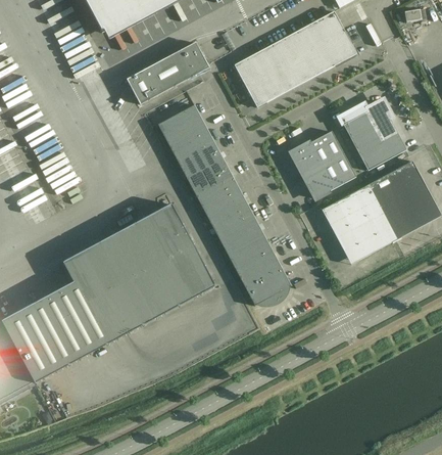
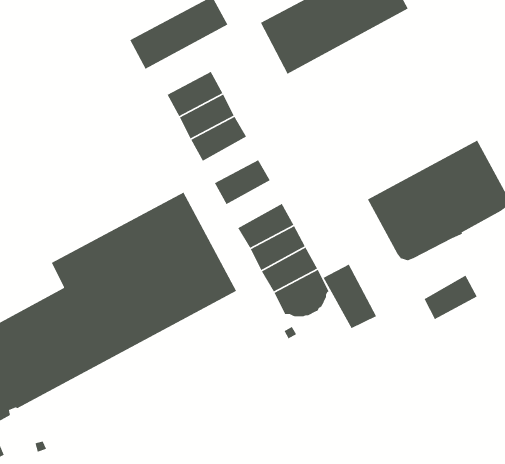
building: [343,101,406,170] -> none
building: [291,131,356,198] -> none
building: [187,158,233,196] -> none
building: [206,194,252,233] -> none
building: none -> [323,263,377,329]
building: none -> [423,275,478,320]

